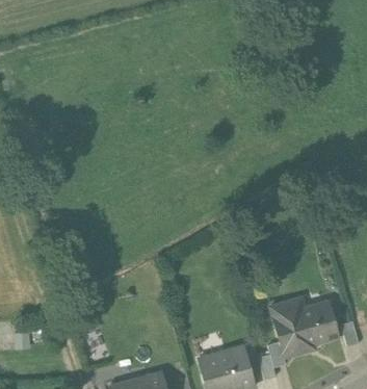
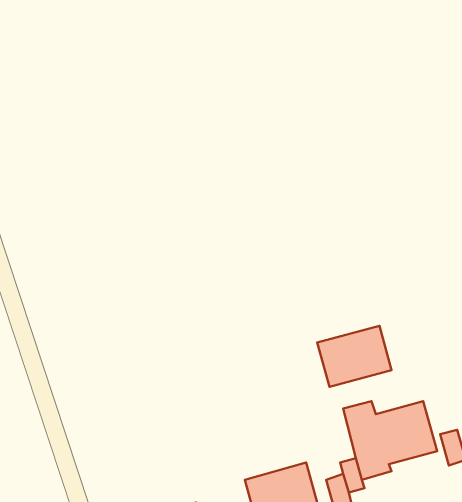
building: none -> [317,326,391,387]

